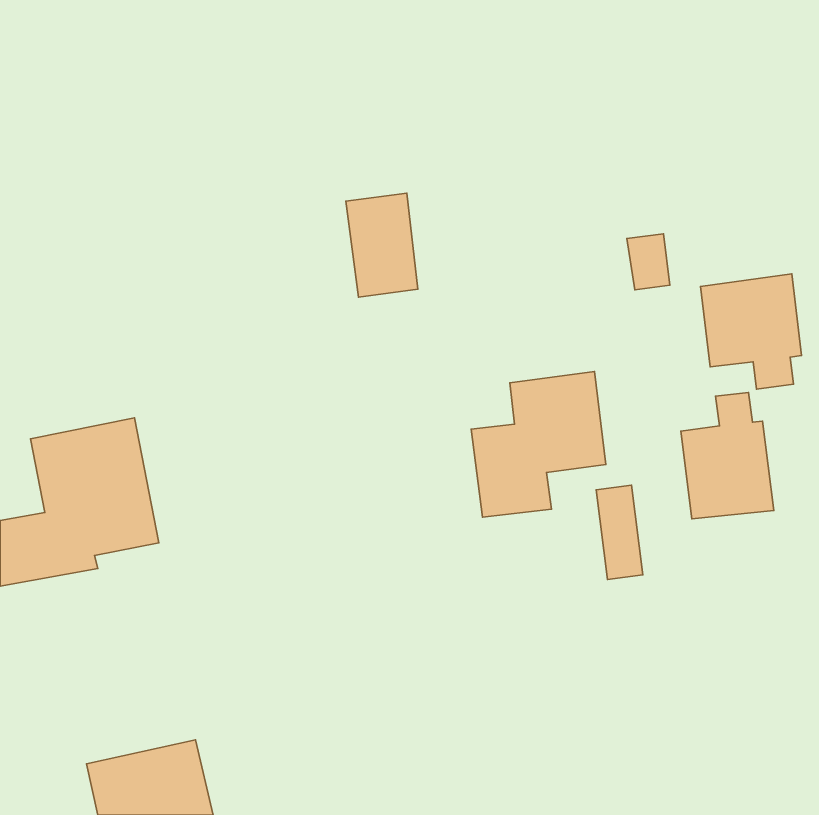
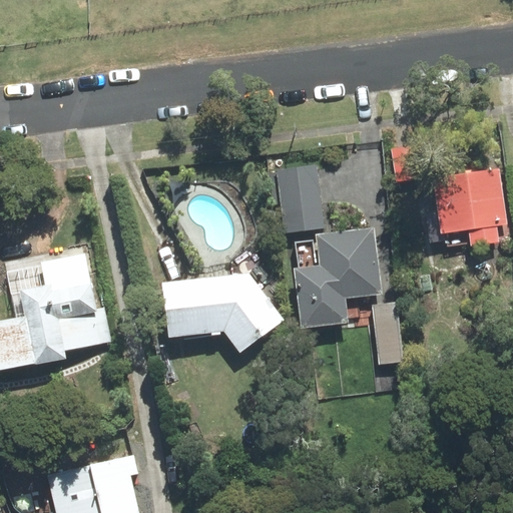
building: [346,193,418,297] -> [278,166,323,231]
building: [681,392,774,519] -> none
building: none -> [164,277,278,345]

